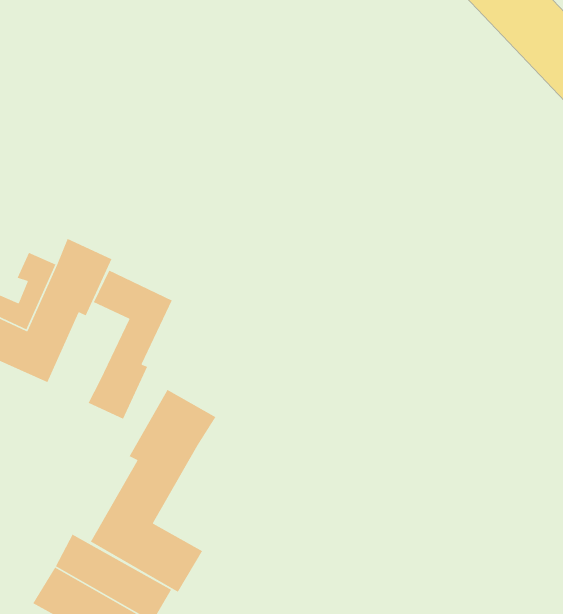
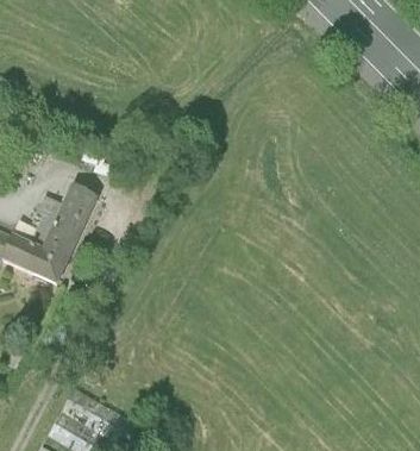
building: [88,269,173,420] -> none
building: [90,389,216,593] -> none

